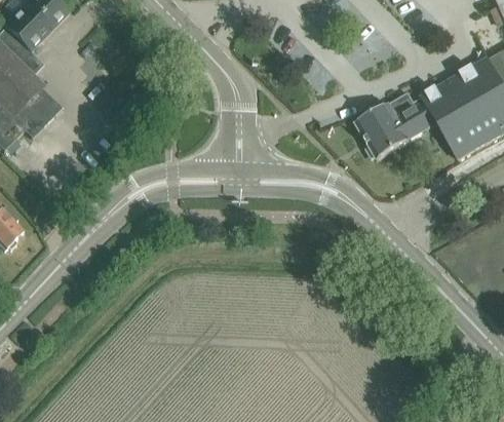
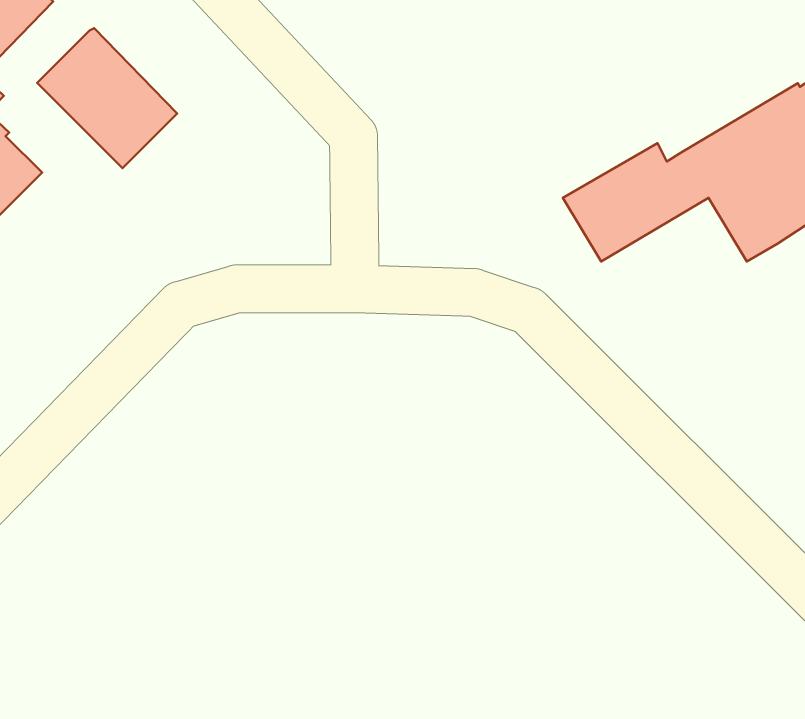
building: none -> [37,28,177,168]

